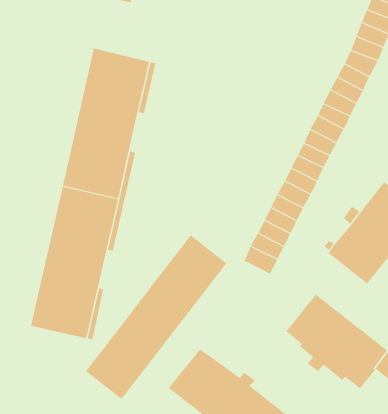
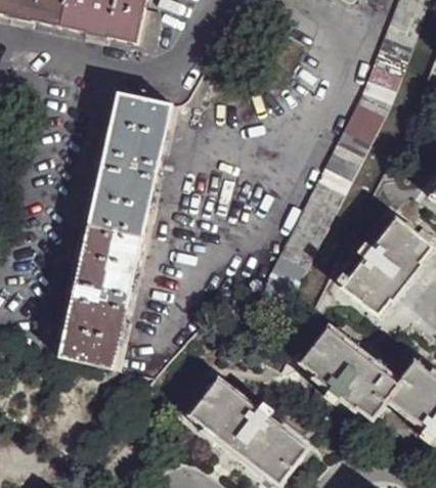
building: [85,235,227,400] -> none

